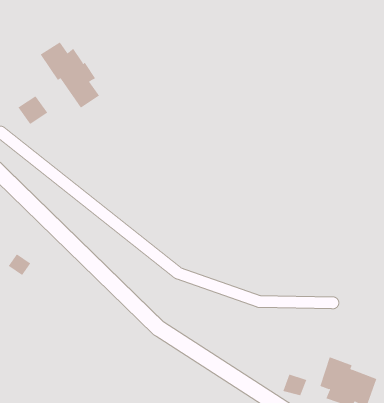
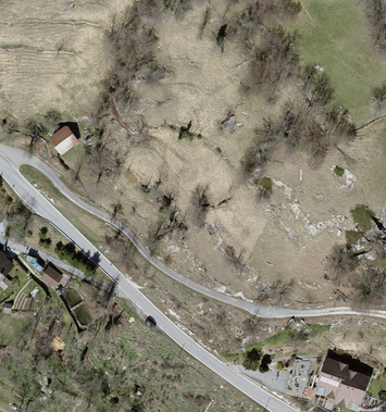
building: [40,41,100,109] -> none

